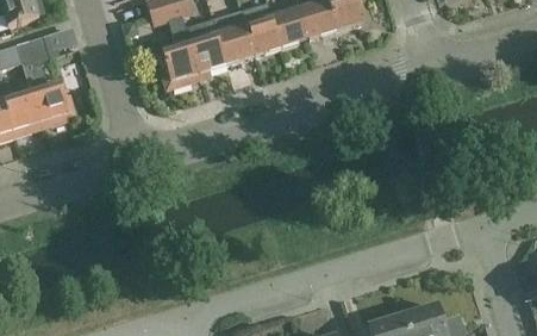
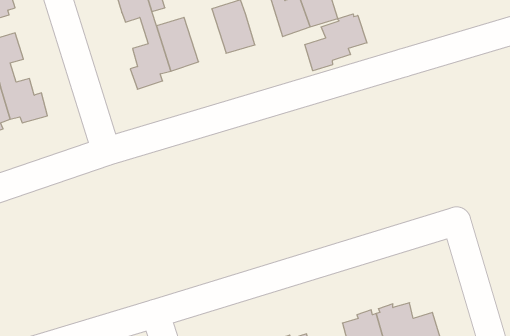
building: [273,7,310,46] -> none
building: [212,11,254,63] -> none
building: none -> [305,14,367,71]

